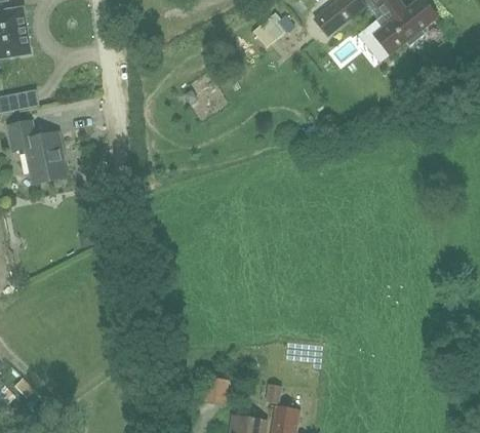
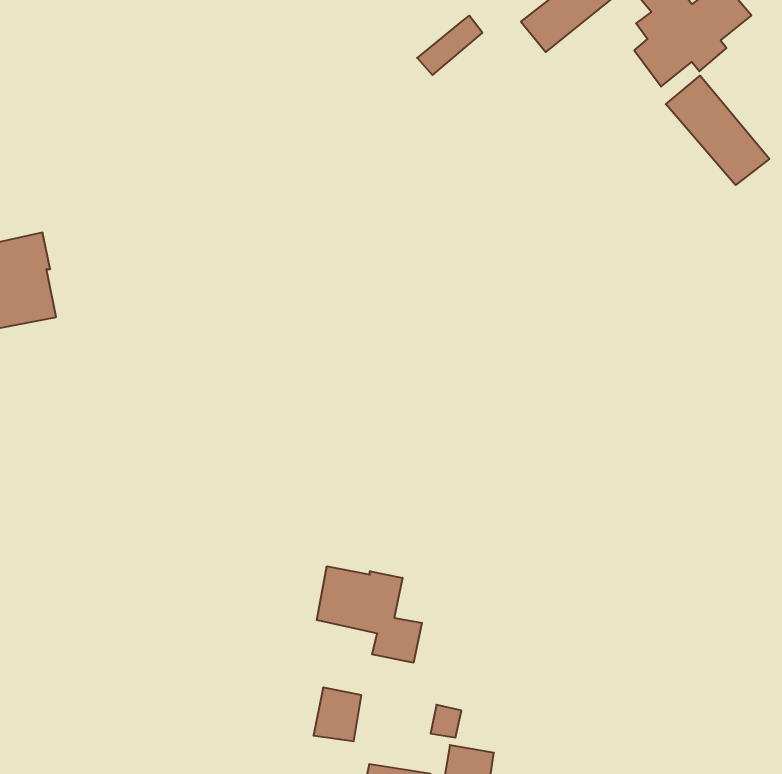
building: none -> [666,76,769,185]
building: none -> [317,566,422,663]

